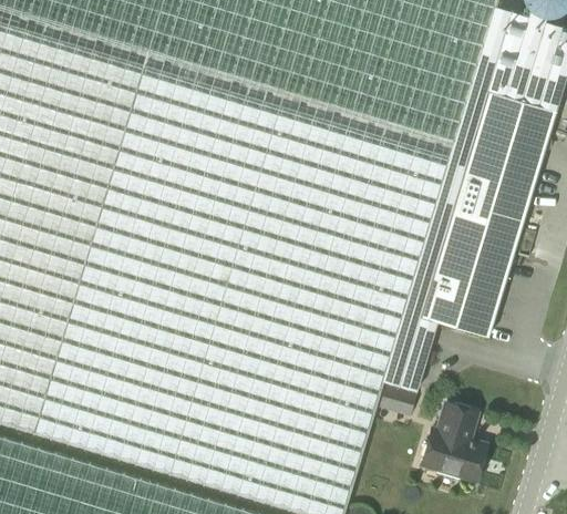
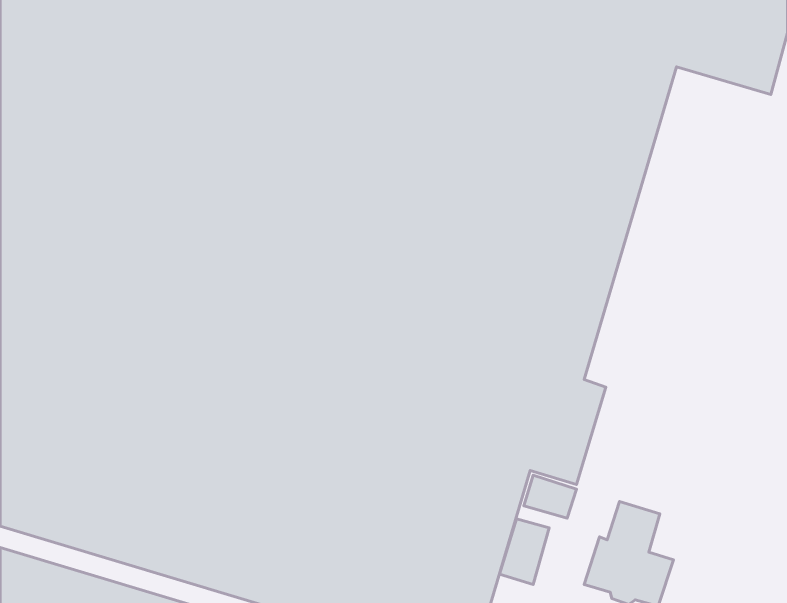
building: [420,90,554,336] -> none
building: none -> [499,519,549,584]

